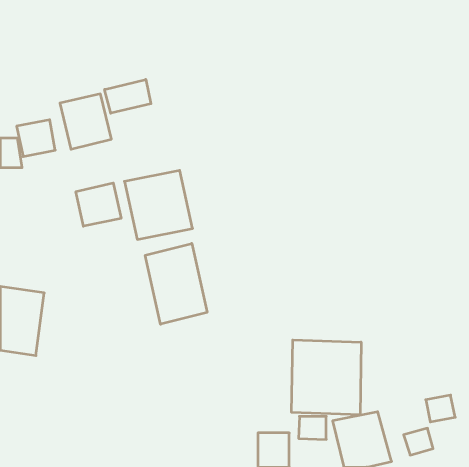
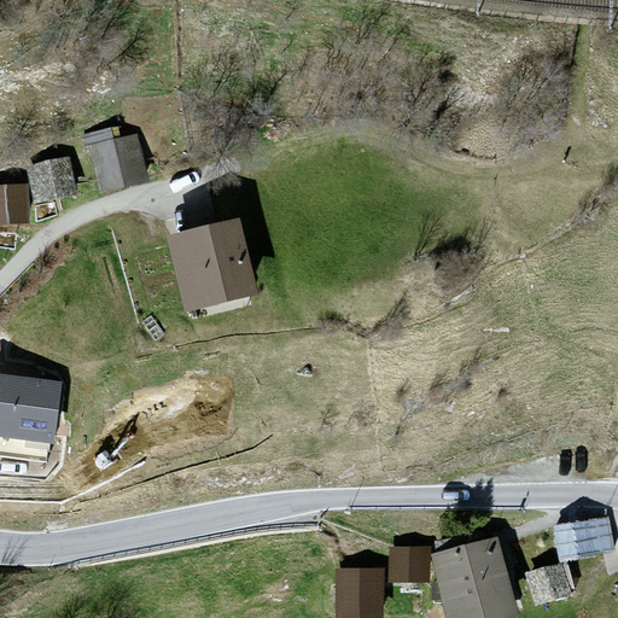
building: [105,79,151,113] -> none
building: [76,183,121,226] -> none
building: [145,243,207,324] -> none
building: [292,340,361,415] -> none

